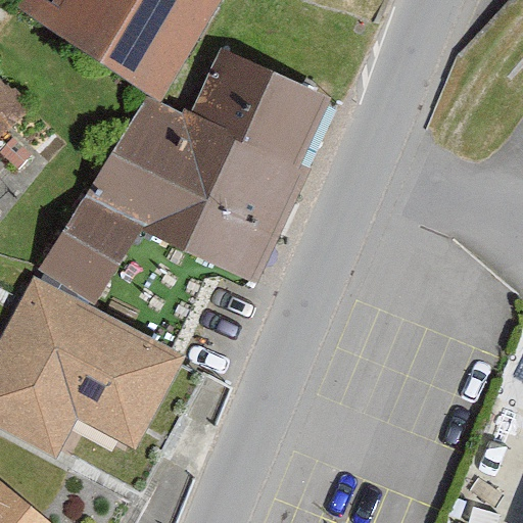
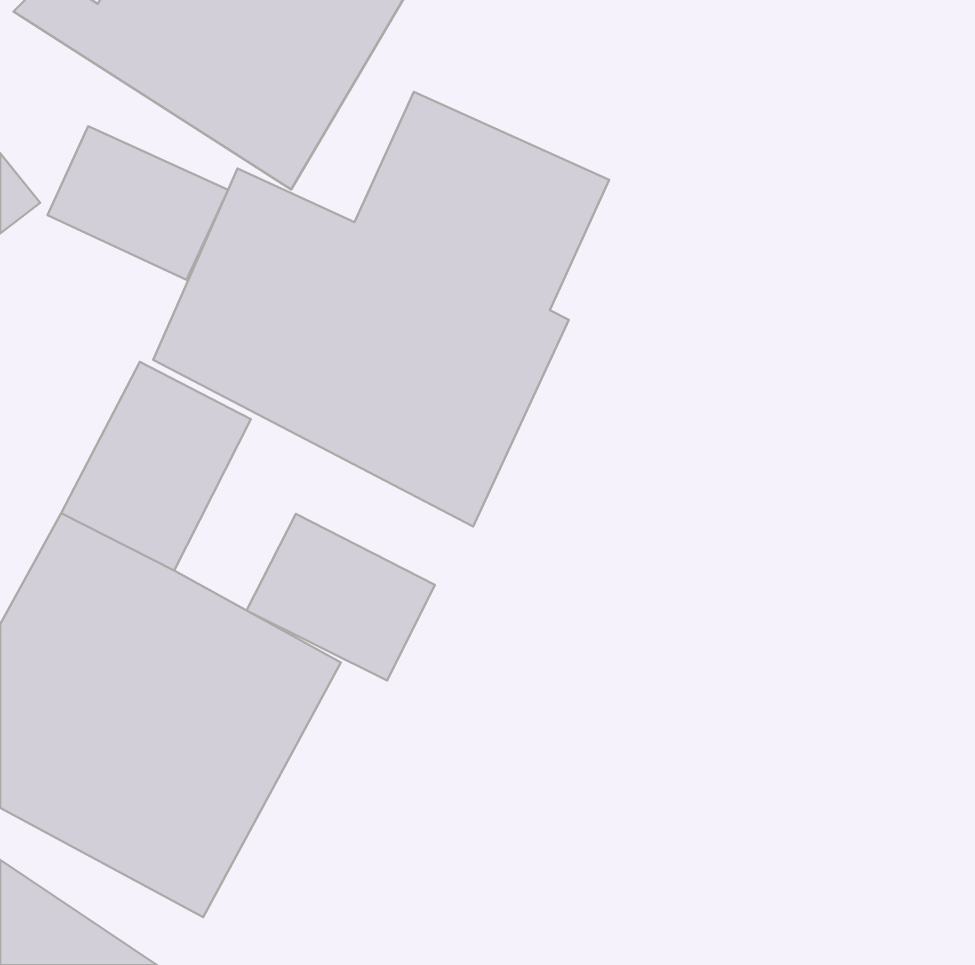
building: none -> [48,126,228,280]
building: none -> [247,514,435,680]

